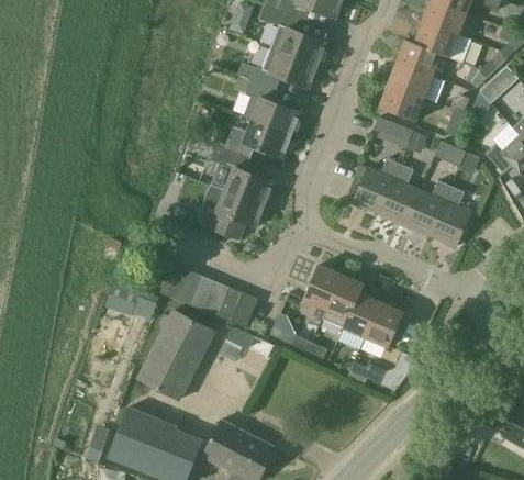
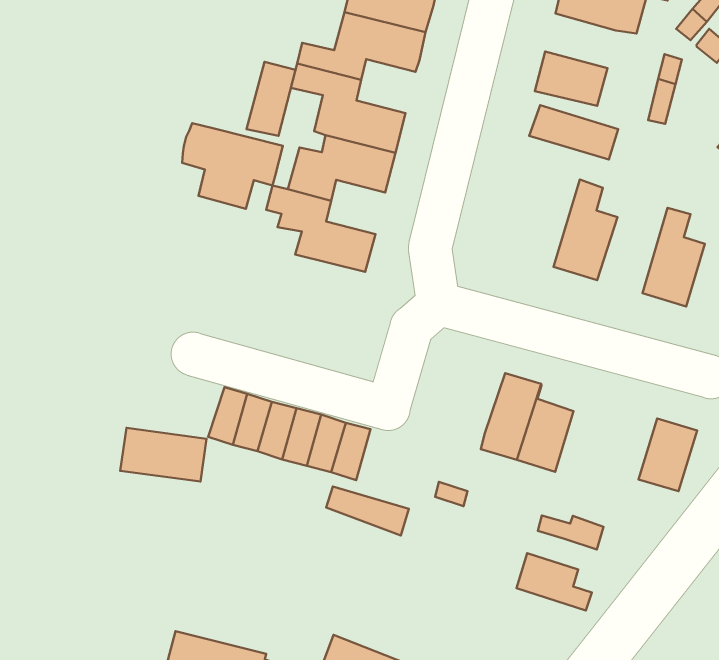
building: [388,63,444,103] -> none
building: none -> [247,62,295,136]
building: [435,142,480,172] -> none
building: [352,158,400,214] -> none
building: [403,180,450,236] -> none
building: [203,185,265,239] -> [182,123,283,209]
building: [303,265,342,310] -> none
building: [365,302,403,347] -> [639,419,697,491]
building: [136,309,215,401] -> none
building: none -> [516,553,592,611]

